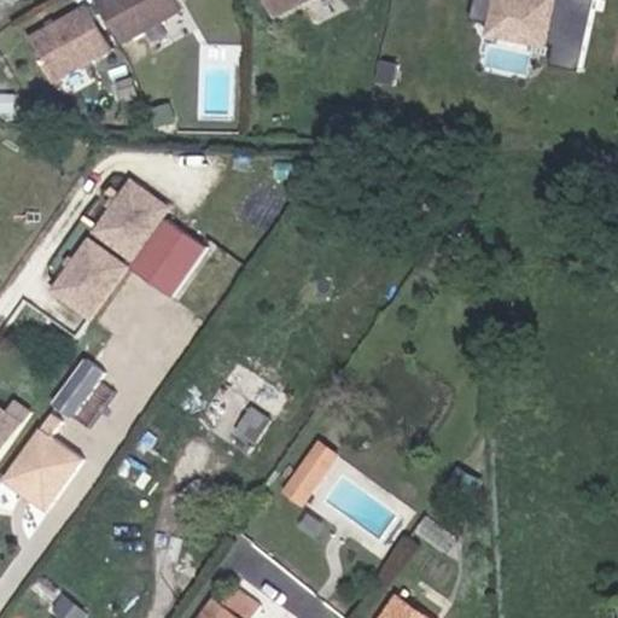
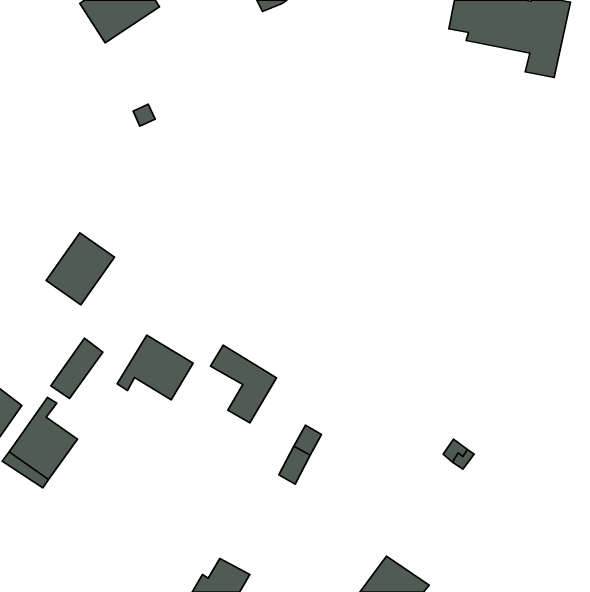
building: [17,8,101,87] -> none
building: [91,183,161,258] -> none
building: [128,216,203,296] -> none
building: none -> [117,335,193,400]

